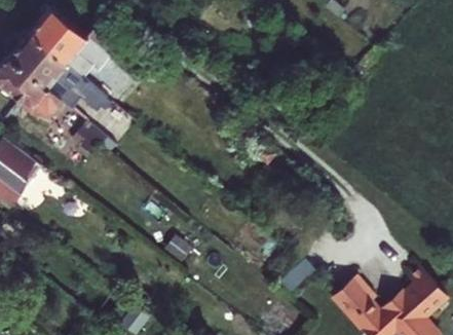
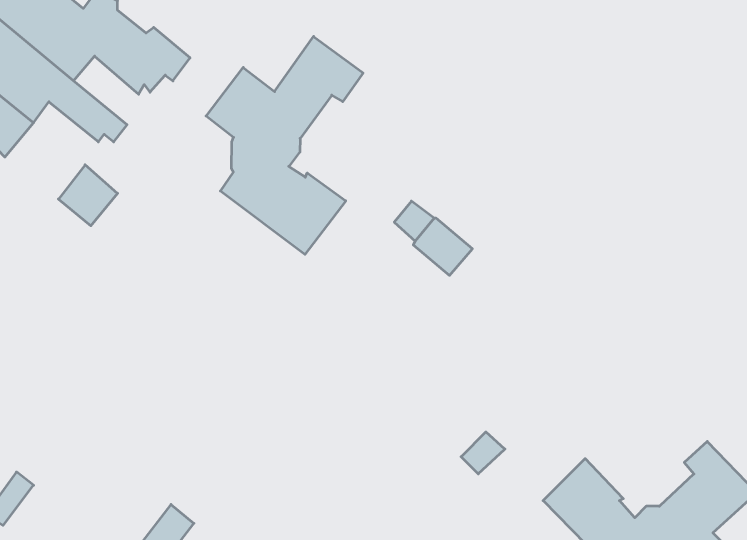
building: none -> [206,36,363,254]

